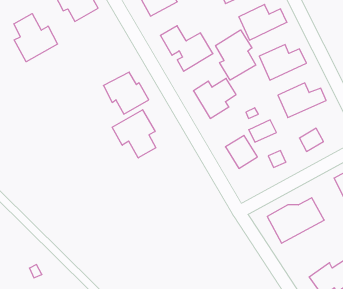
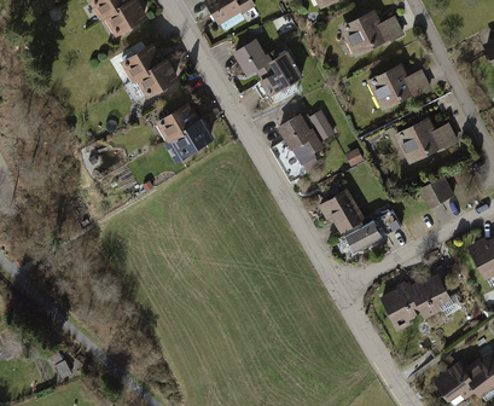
building: [14,14,58,62] -> none
building: none -> [120,44,179,97]
building: [216,30,256,80] -> none
building: [112,110,156,158] -> none
building: [249,120,276,142] -> [344,219,382,249]

